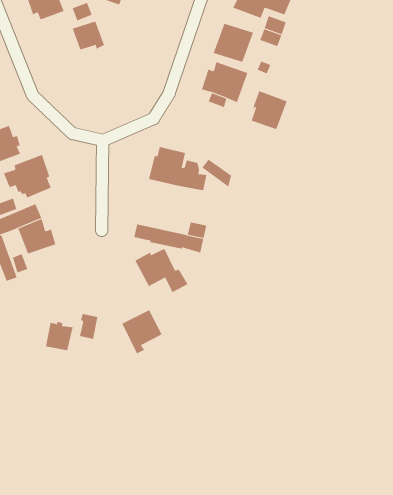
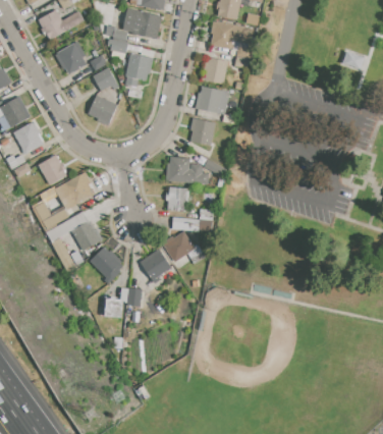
building: none -> [126,53,154,87]
building: none -> [89,95,118,124]
building: [251,91,287,130] -> [190,117,216,145]
building: none -> [166,185,189,211]
building: none -> [91,247,123,283]
building: [122,310,162,354] -> [141,248,172,282]

